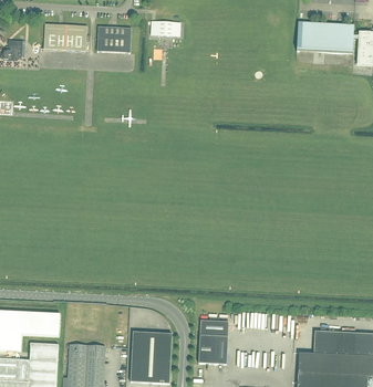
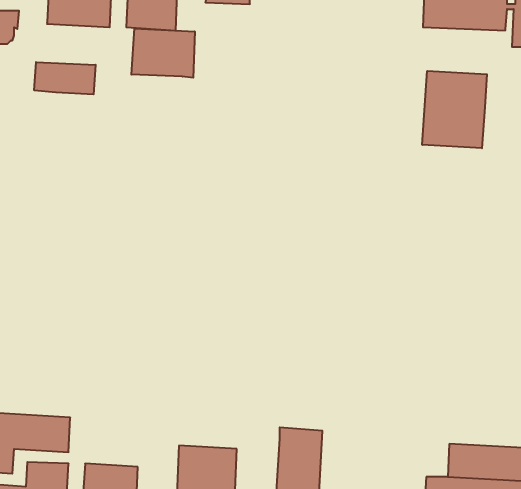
building: none -> [131,28,195,78]
building: none -> [34,62,96,94]
building: none -> [422,71,487,148]

